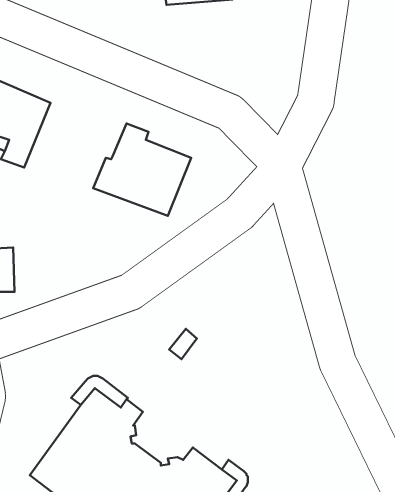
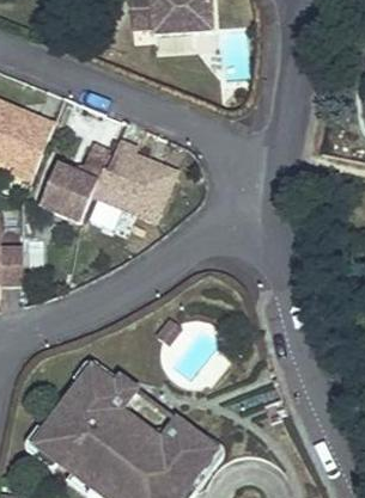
building: none -> [37,141,108,219]

